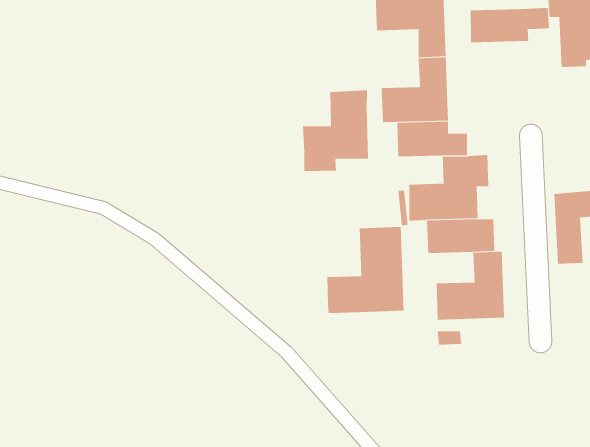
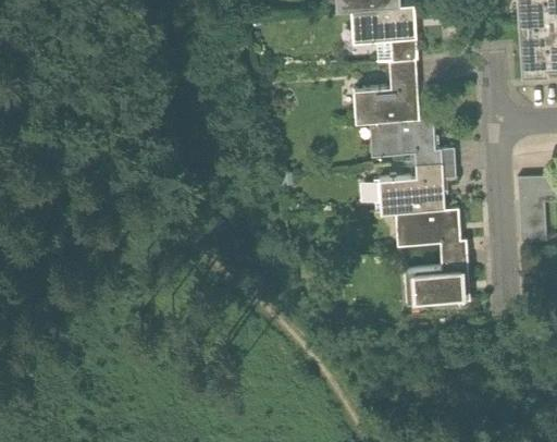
building: [470,7,549,43] -> none
building: [303,90,369,172] -> none
building: [327,226,404,314] -> none

